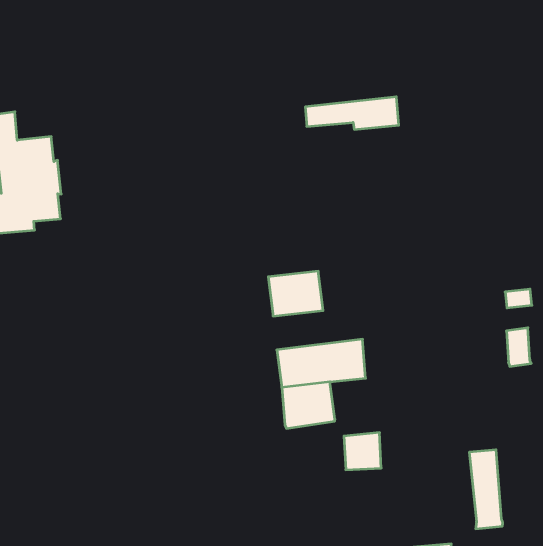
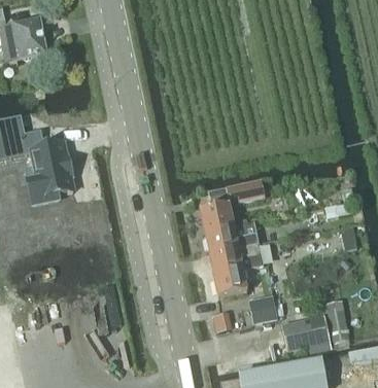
building: [305,97,399,129] -> [207,179,263,202]
building: none -> [204,223,257,253]
building: none -> [282,314,330,350]

